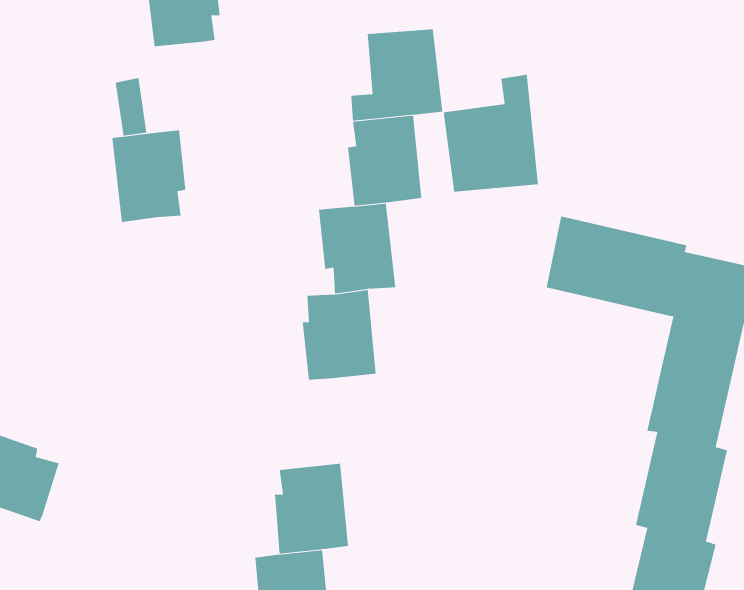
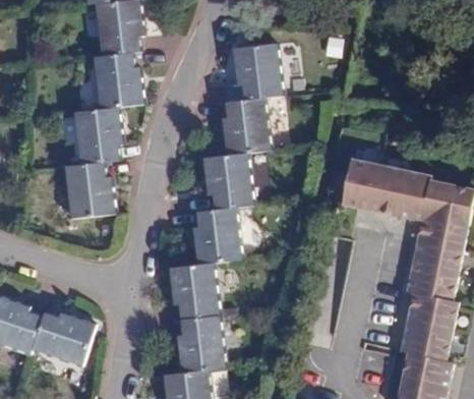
building: none -> [95,52,141,109]
building: [443,74,539,192] -> none
building: none -> [66,162,113,218]
building: none -> [169,263,218,320]
building: none -> [32,311,94,364]

